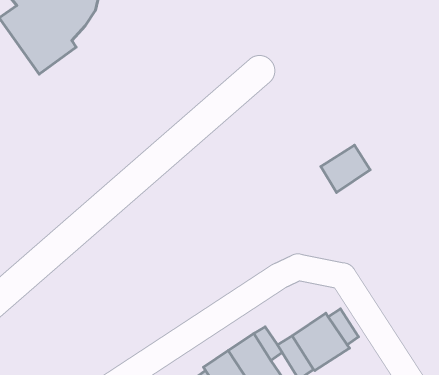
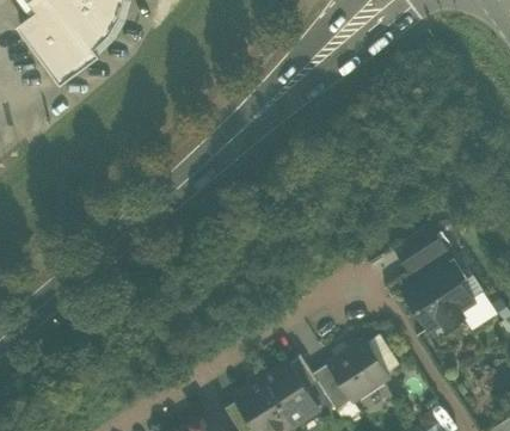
building: [321,145,370,192] -> [394,226,447,276]
building: none -> [405,258,472,331]

